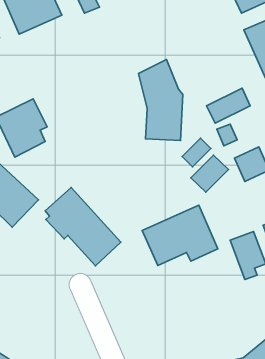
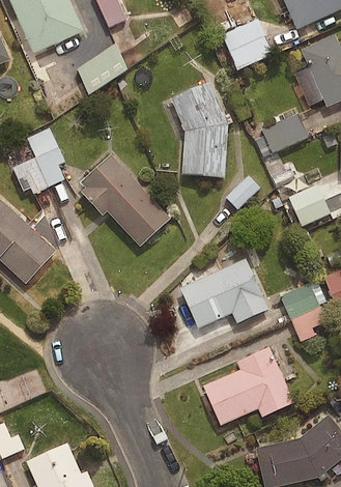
building: none -> [222,20,273,70]
building: none -> [76,47,131,95]
building: [191,155,228,192] -> none
building: [45,187,121,266] -> [79,152,169,246]
building: none -> [201,345,293,425]

